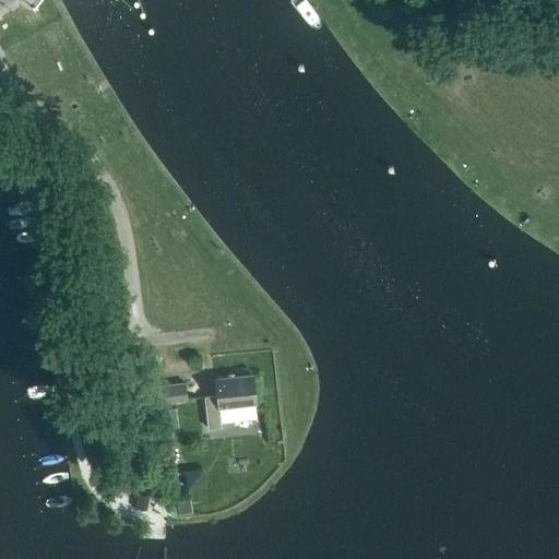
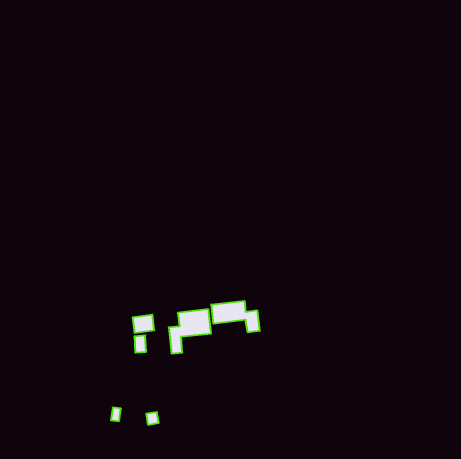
building: none -> [211,301,260,332]

